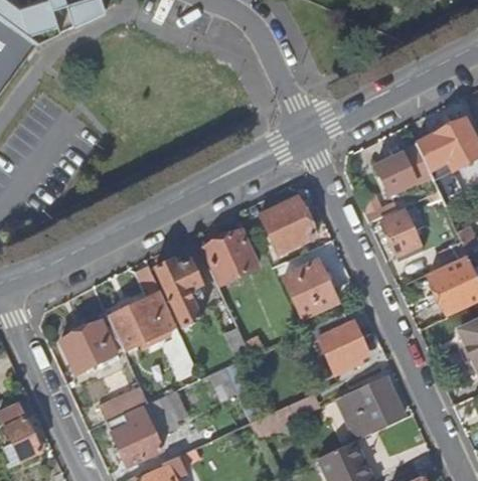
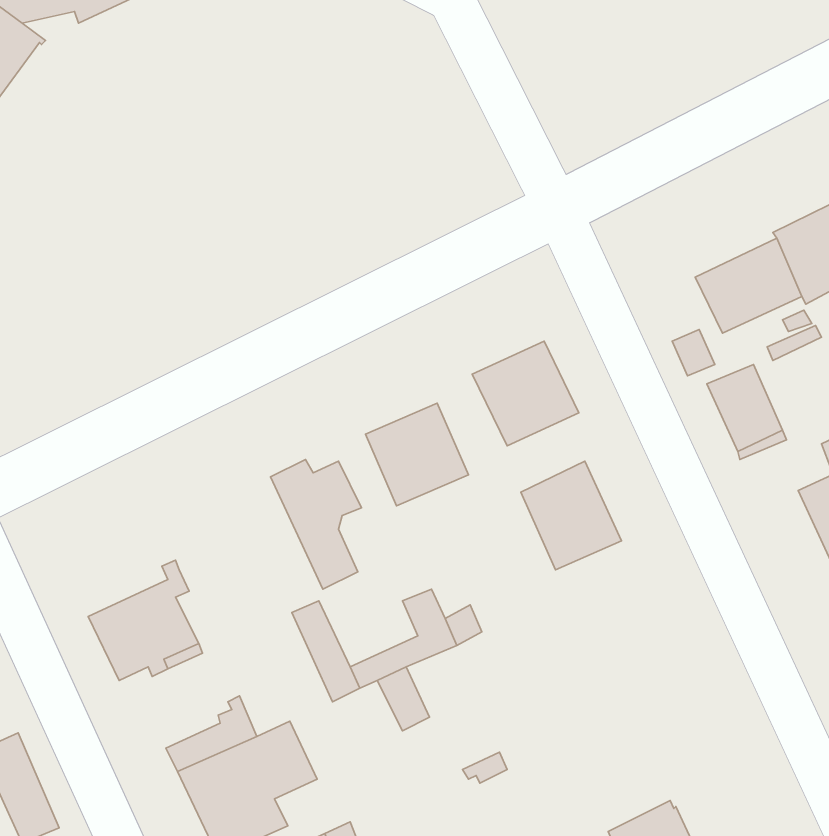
building: [107,265,175,350] -> none
building: [312,312,367,371] -> none
building: [350,382,403,433] -> none

